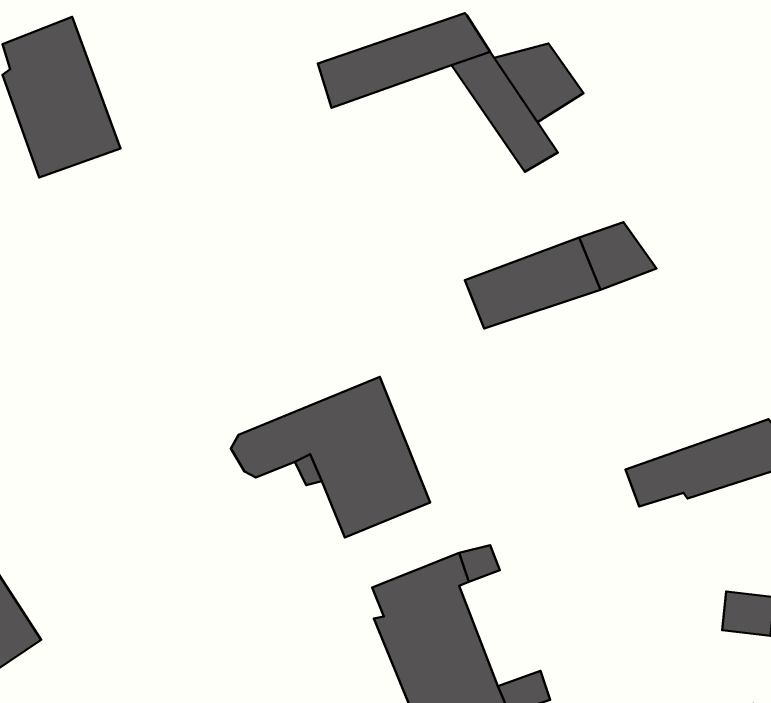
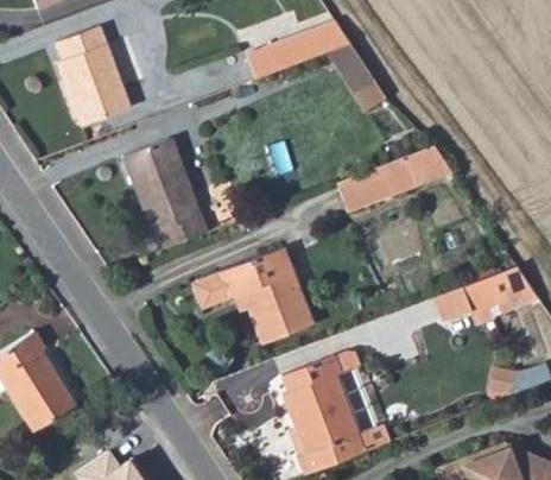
building: [494,43,584,122] -> none
building: none -> [122,137,205,246]

